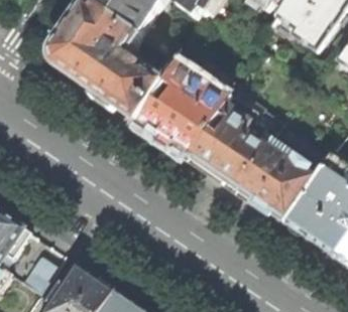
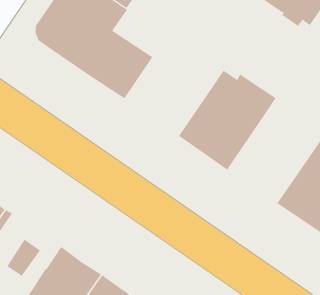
building: [137,59,230,156] -> none
building: [236,145,314,220] -> none

